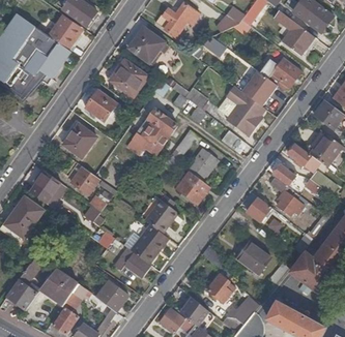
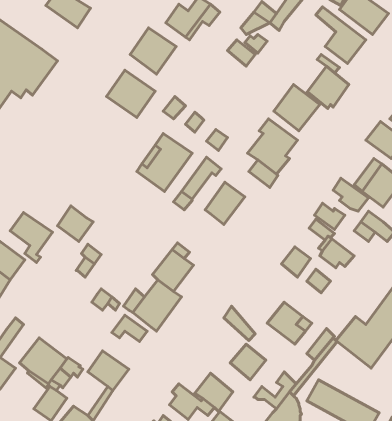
building: [50,16,81,51] -> none
building: [85,91,117,122] -> none
building: [62,124,96,160] -> none
building: [178,173,209,204] -> none

